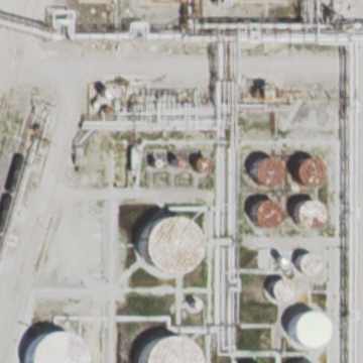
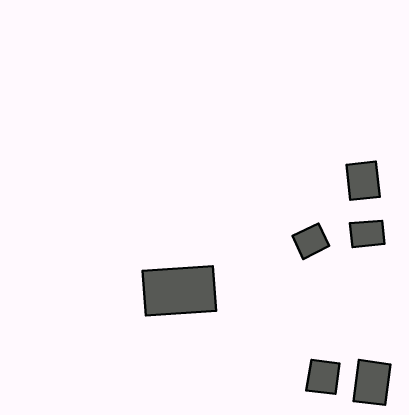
building: [257,162,281,188] -> none
building: none -> [306,360,339,394]

